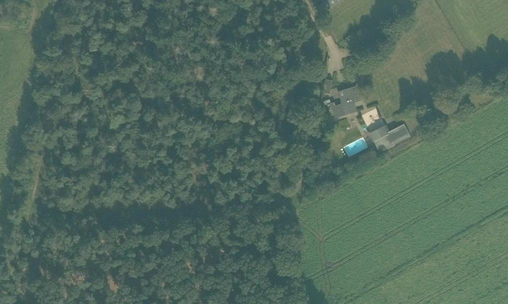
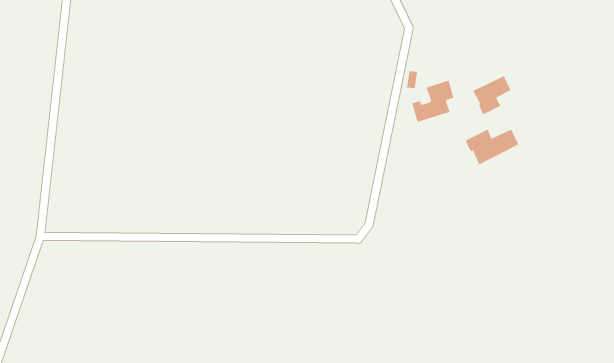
building: none -> [472,75,511,115]

